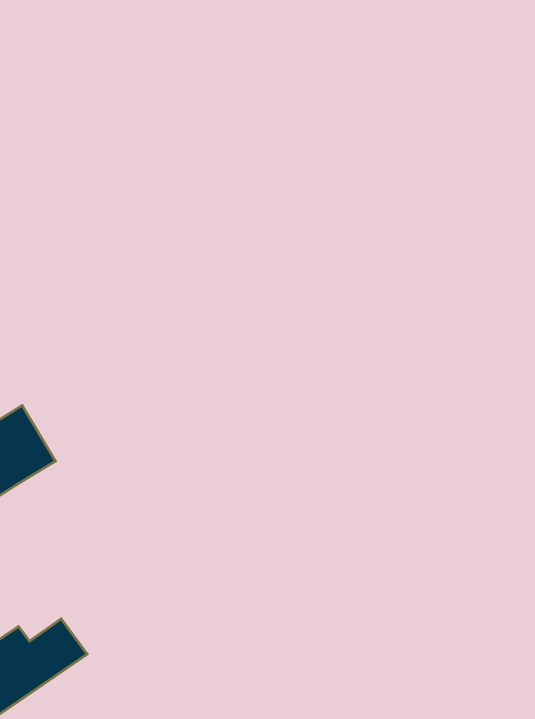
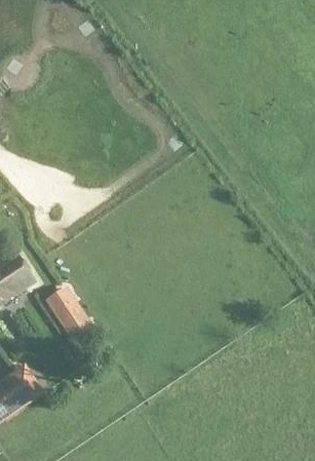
building: none -> [41,281,93,343]

